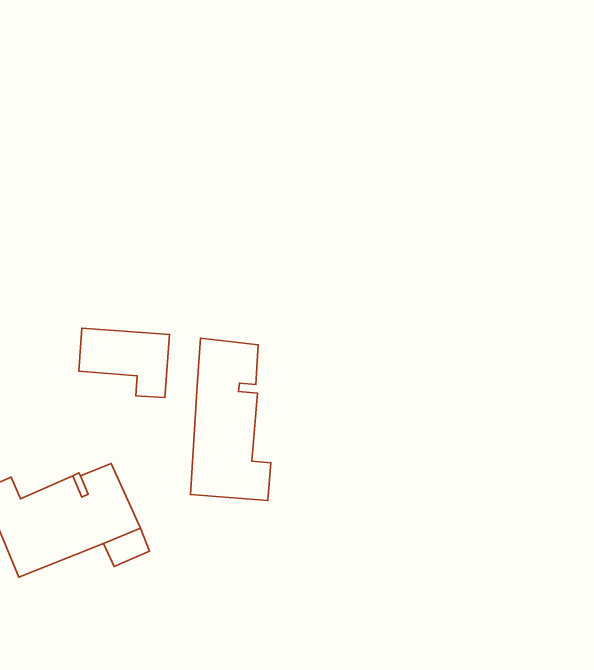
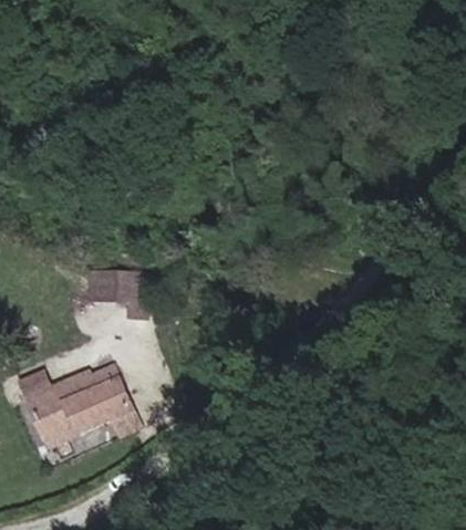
building: [191,338,271,500] -> none

